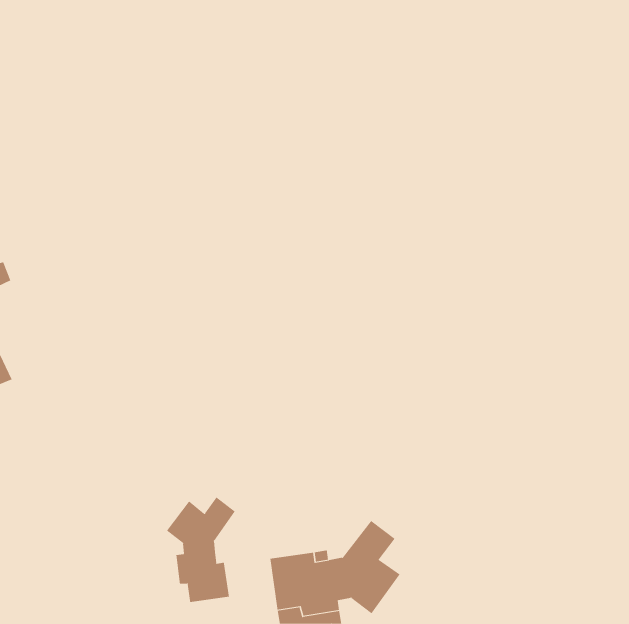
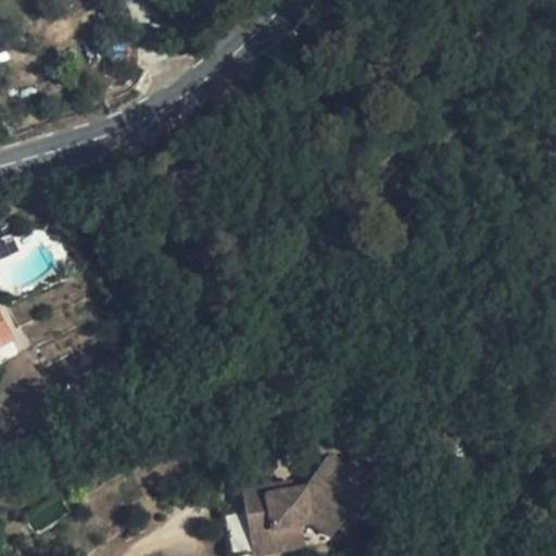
building: [166,496,235,603] -> none

